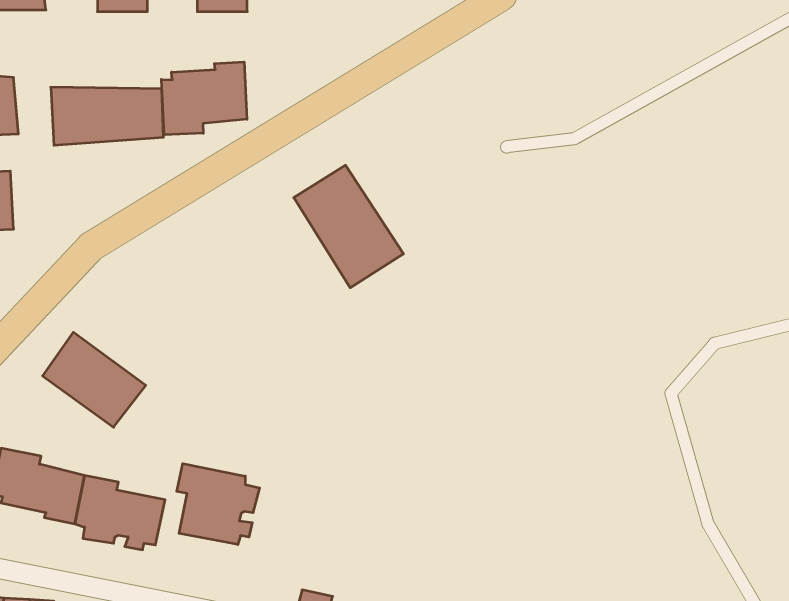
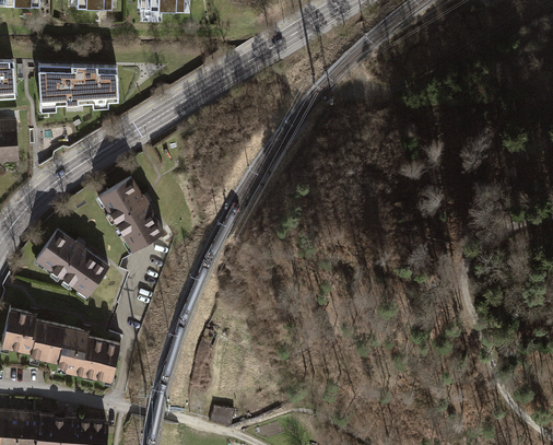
building: [161,62,247,135] -> none
building: [294,165,403,288] -> [90,168,164,251]
building: [177,464,260,545] -> none

